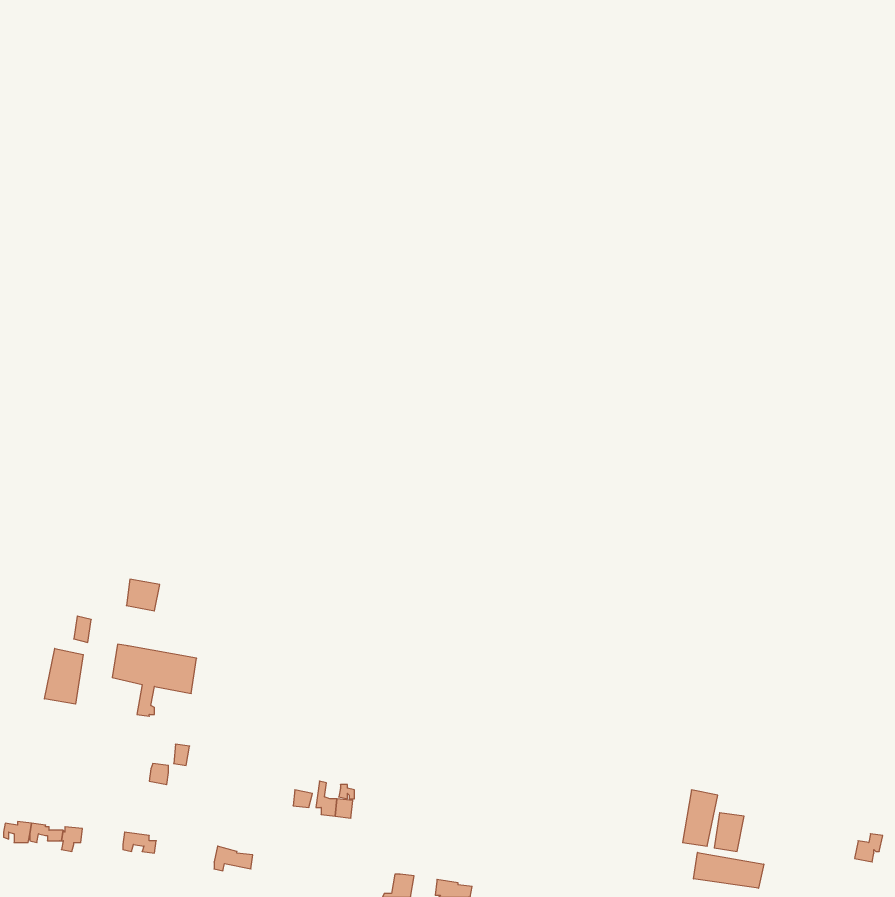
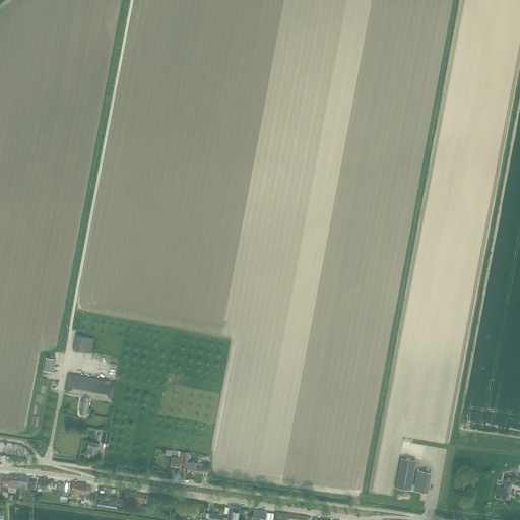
building: [44,648,83,704] -> none
building: [694,852,764,888] -> none

